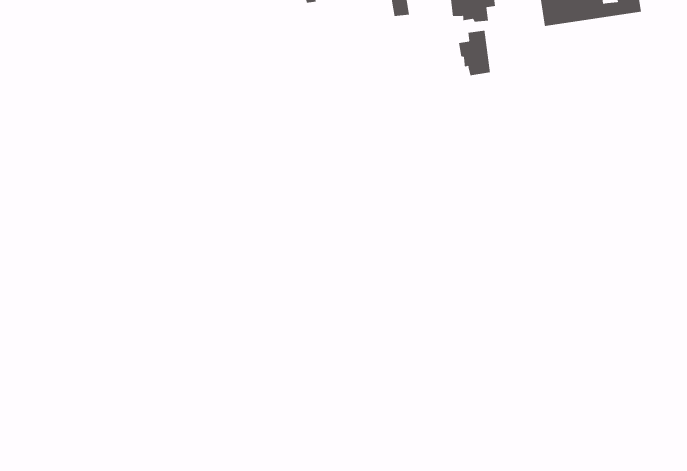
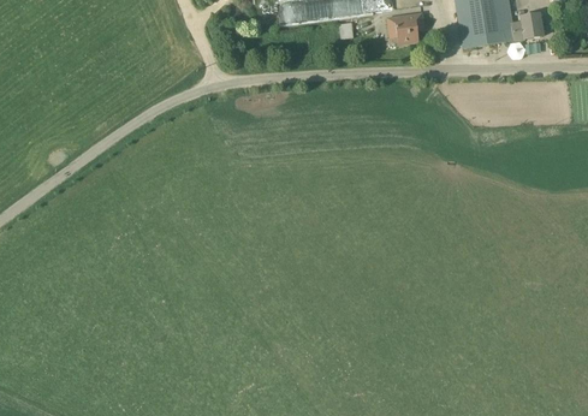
building: [459,30,490,76] -> none

